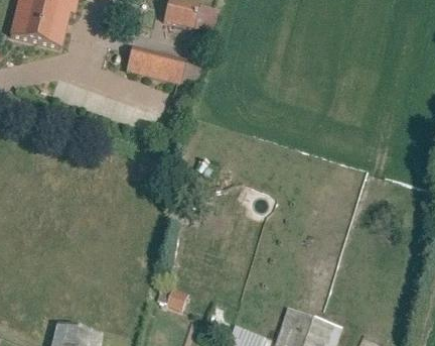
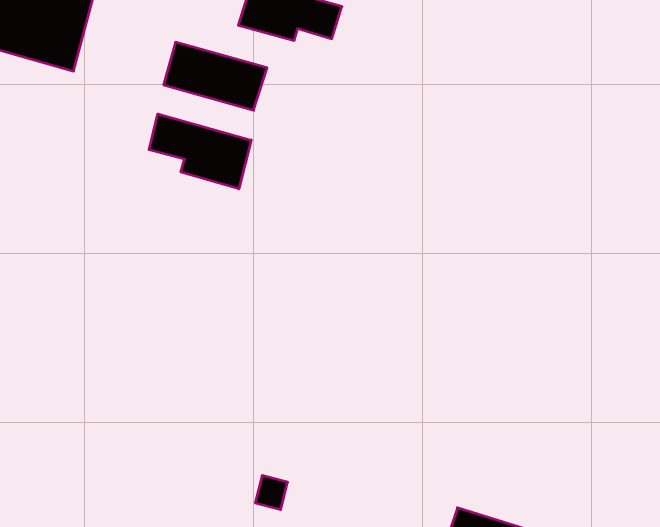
building: none -> [149,114,251,189]

